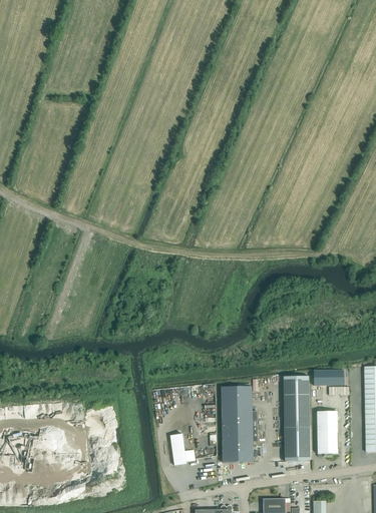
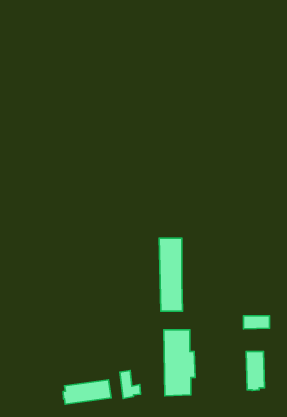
building: [283,377,310,461] -> [159,238,183,311]
building: none -> [63,380,111,404]

